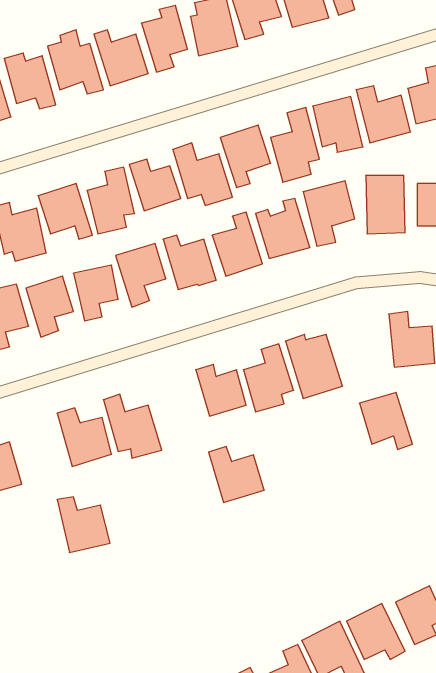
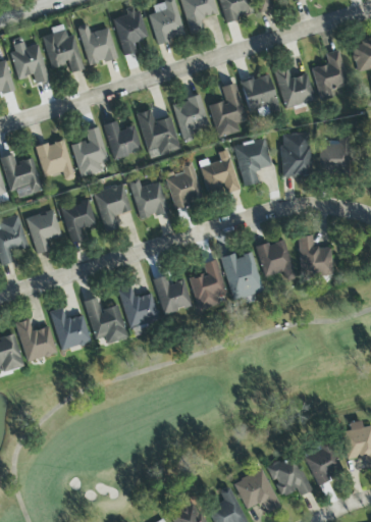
building: [359,392,412,449] -> [256,239,296,281]
building: [209,447,264,502] -> [117,285,159,327]
building: [57,497,110,553] -> [16,319,56,361]

